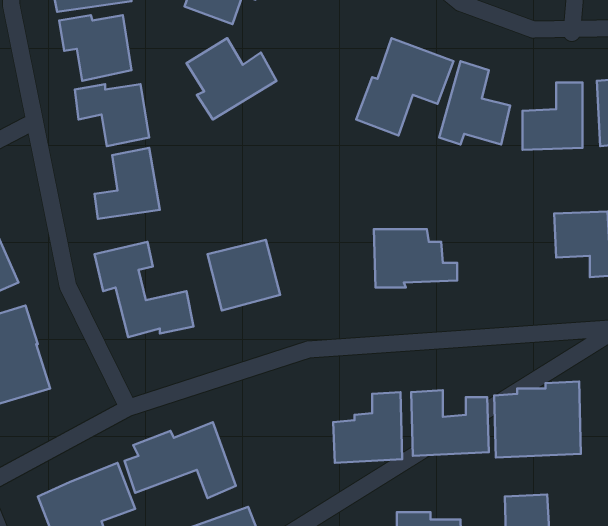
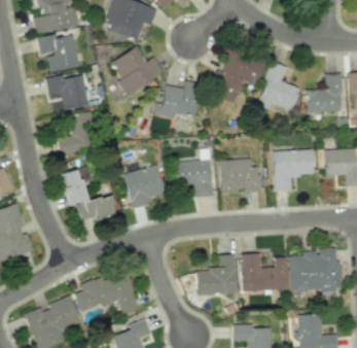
building: none -> [153,81,201,118]
building: none -> [274,150,314,192]
building: none -> [175,159,212,198]

